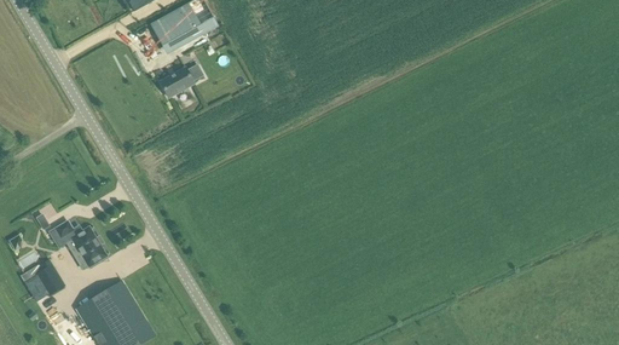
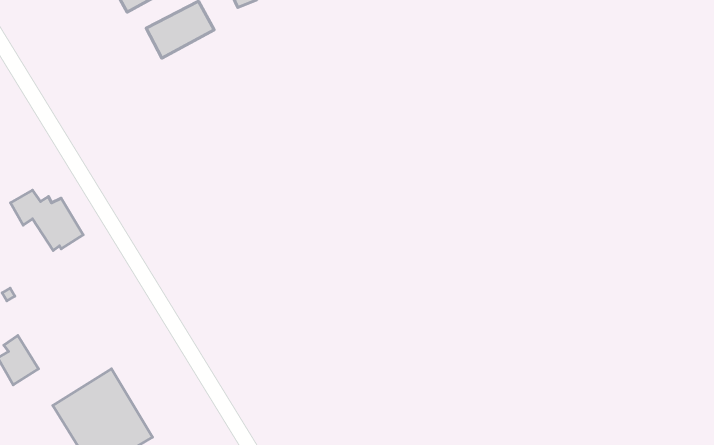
building: [158,63,203,97] -> none
building: [50,222,105,268] -> [10,190,83,251]

